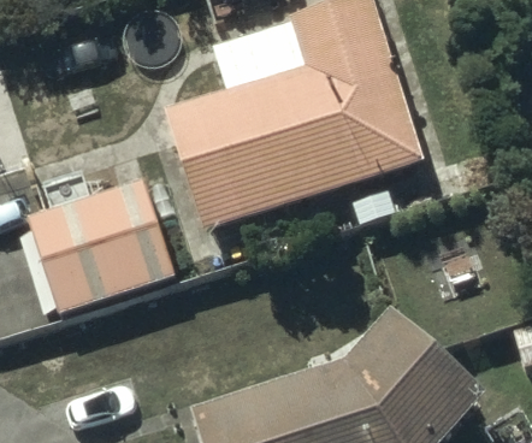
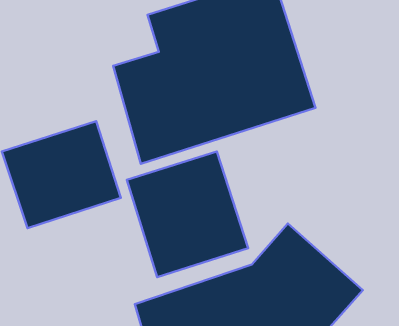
building: none -> [127,151,248,277]

